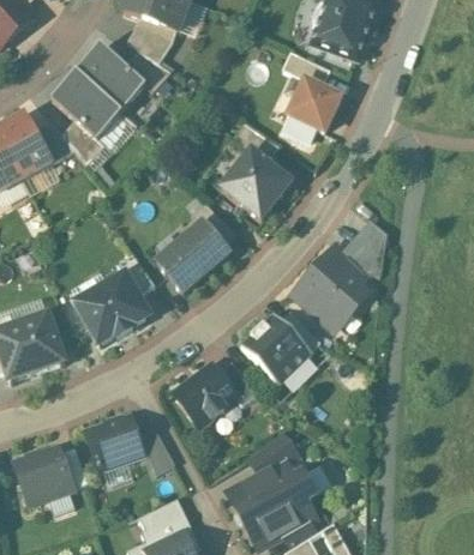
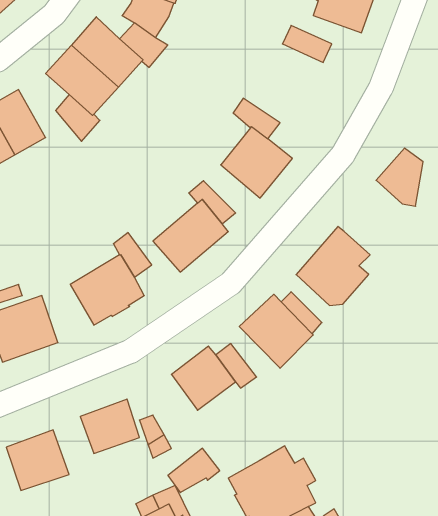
building: [288,82,338,132] -> none
building: [341,222,386,278] -> [376,148,423,206]
building: [246,433,296,476] -> [168,448,220,493]

